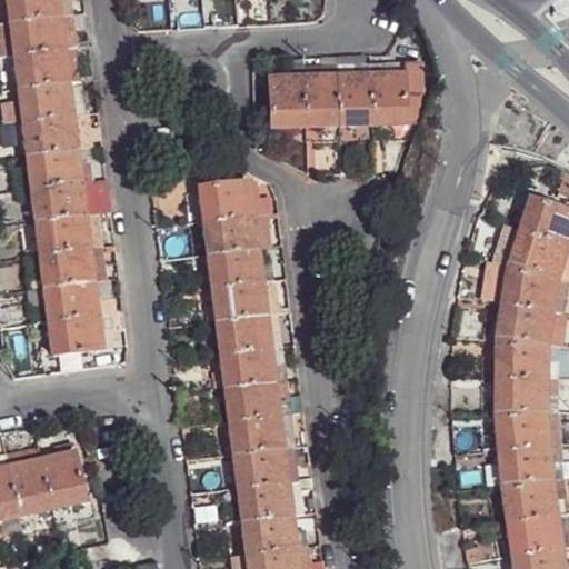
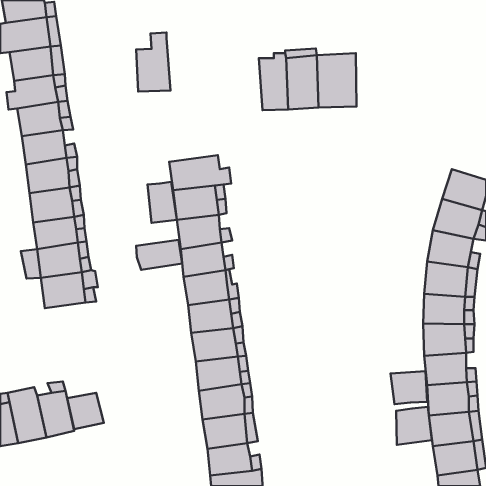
building: [267,61,307,130] -> [136,33,170,91]
building: none -> [148,182,177,223]
building: none -> [136,240,182,270]
building: none -> [391,371,427,404]
building: none -> [67,393,104,429]
building: none -> [396,407,432,445]

